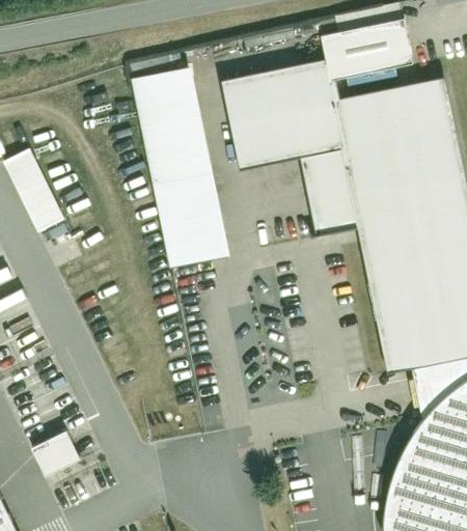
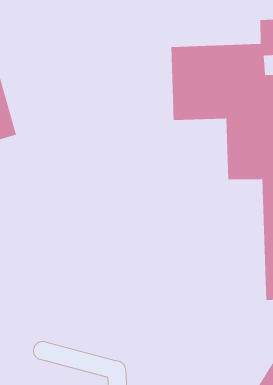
building: [130,64,230,266] -> none

